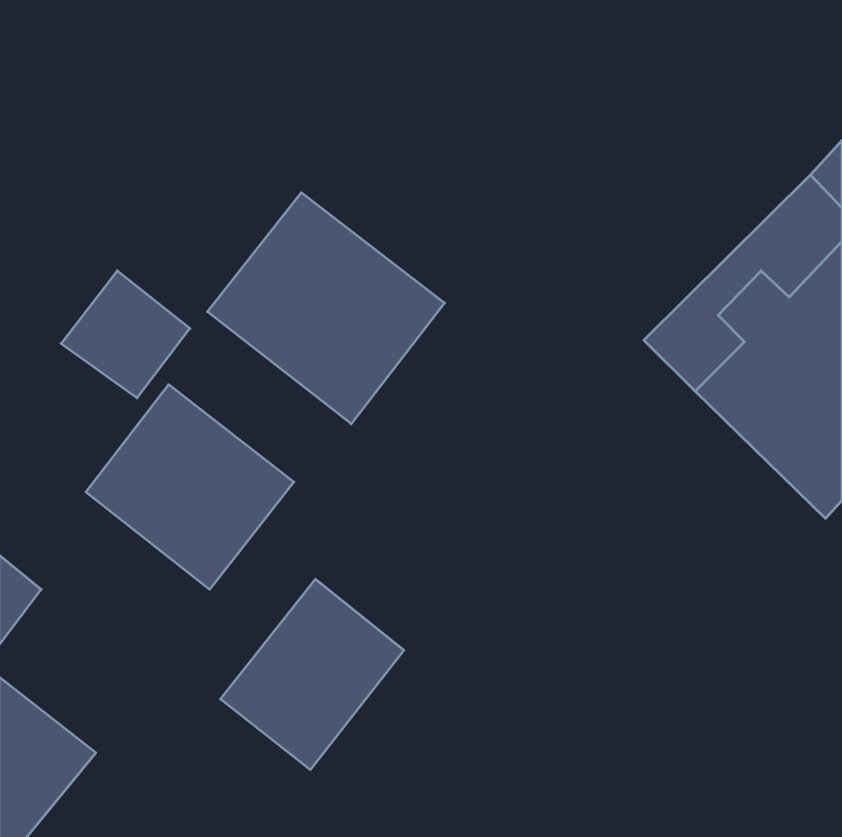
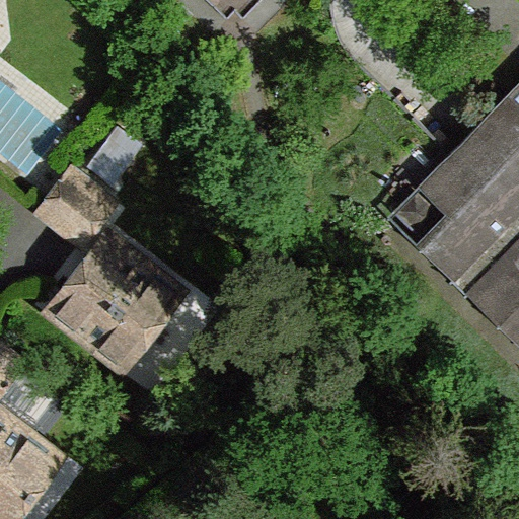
building: [207,193,445,424] -> none
building: [220,579,404,770] -> none

